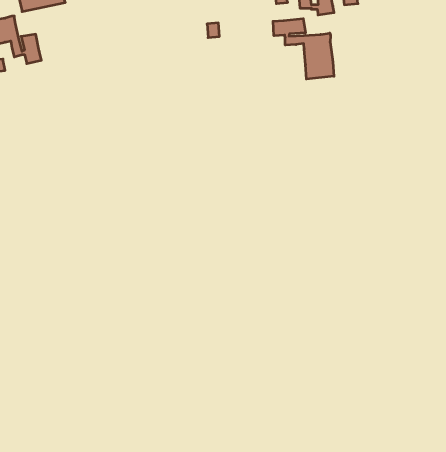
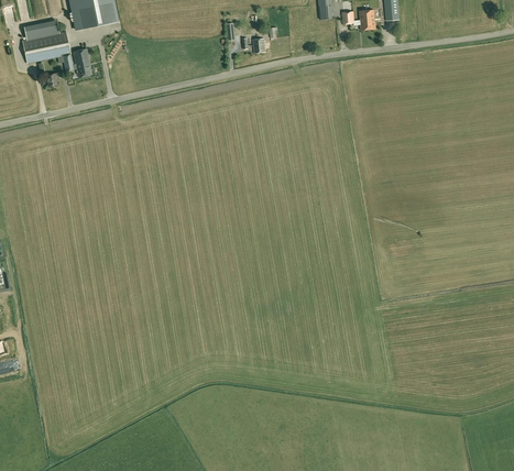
building: [273,19,334,79] -> none

